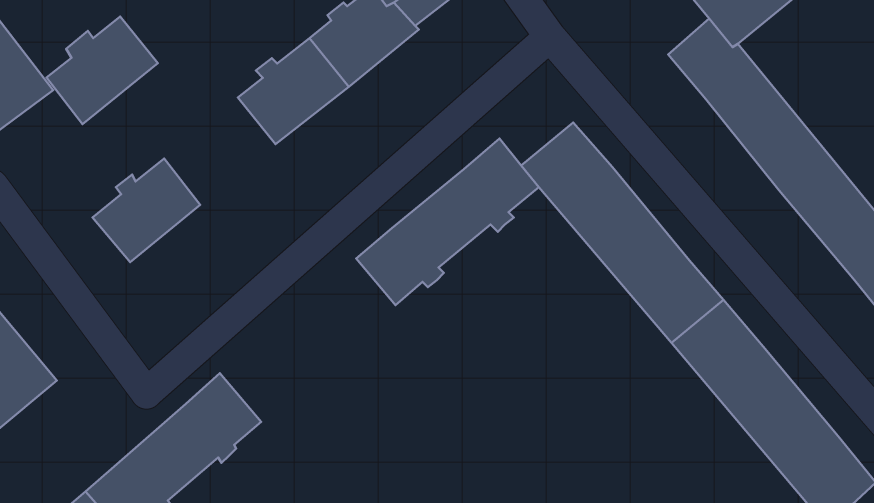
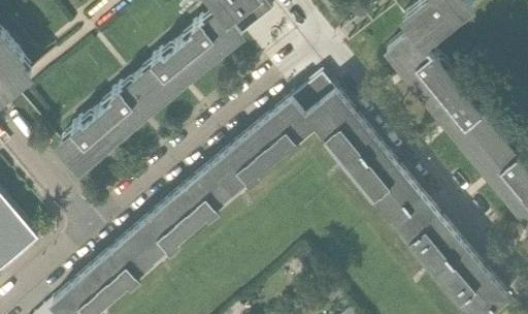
building: [47,17,158,124] -> [98,75,162,137]
building: none -> [291,74,333,115]
building: none -> [130,168,231,262]

